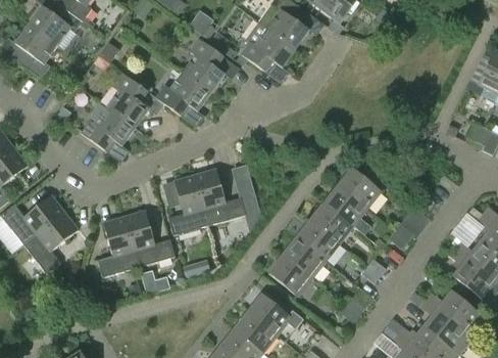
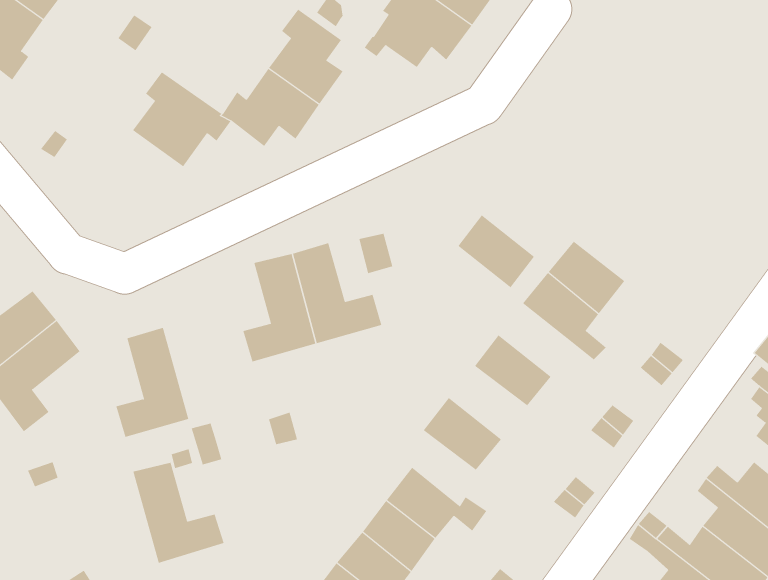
building: [80,106,135,150] -> none
building: [309,203,352,243] -> [458,214,535,288]
building: [123,211,175,267] -> [133,462,225,563]
building: [282,237,326,278] -> none

